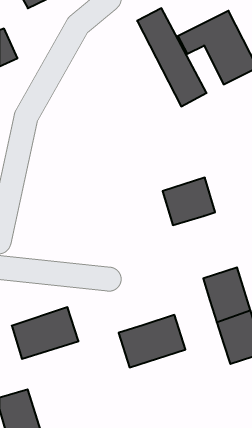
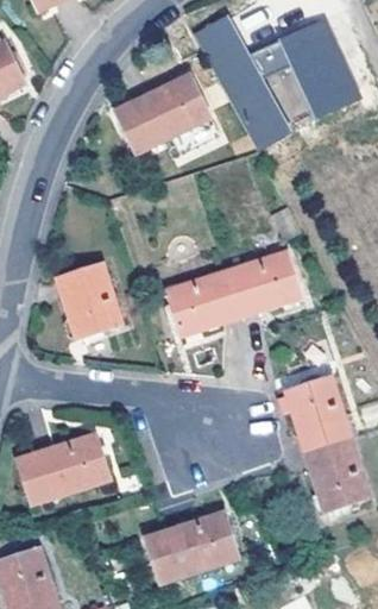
building: none -> [115,74,212,153]
building: none -> [57,264,122,339]
building: none -> [166,269,242,337]
building: [119,315,185,367] -> [145,511,239,585]

